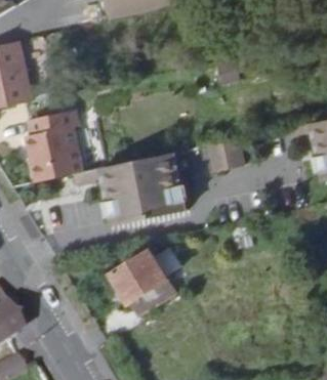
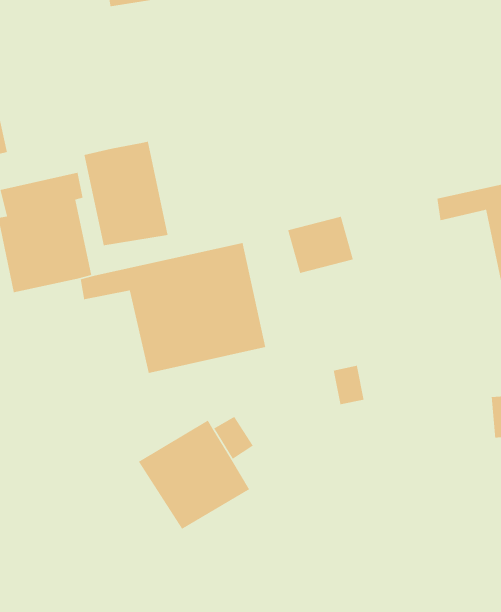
building: none -> [83,141,168,246]

